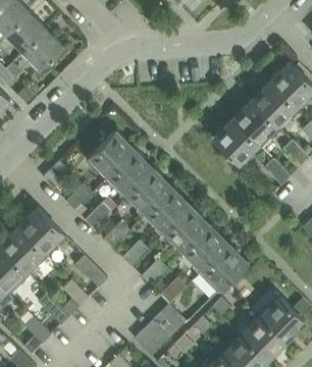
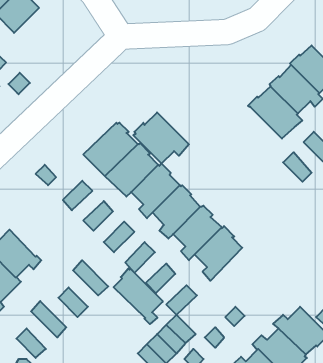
building: [22,29,63,69] -> none
building: [213,117,263,163] -> [133,112,189,164]
building: [18,208,66,252] -> none
building: [199,244,247,293] -> none
building: none -> [114,268,163,324]

